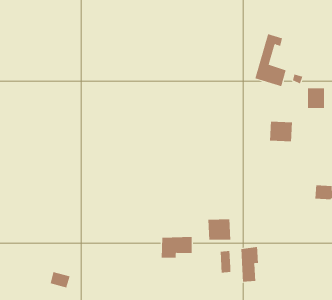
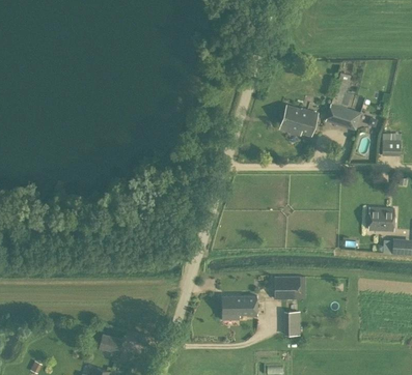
building: none -> [279,106,317,135]
building: [269,121,293,142] -> [367,207,393,230]
building: [241,246,259,283] -> none

